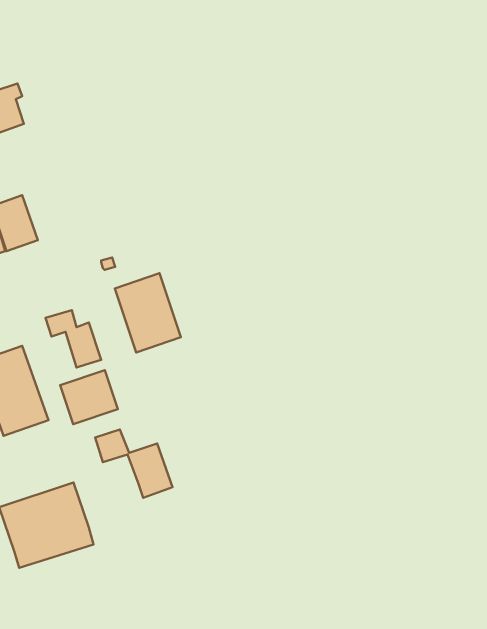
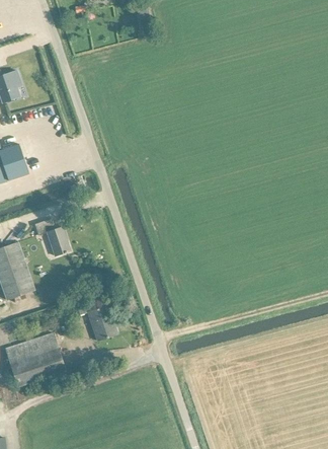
building: [115,273,181,353] -> none
building: [60,370,118,424] -> none

